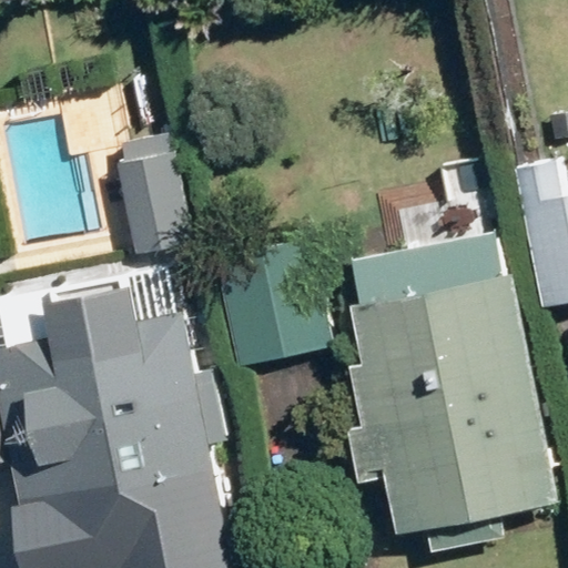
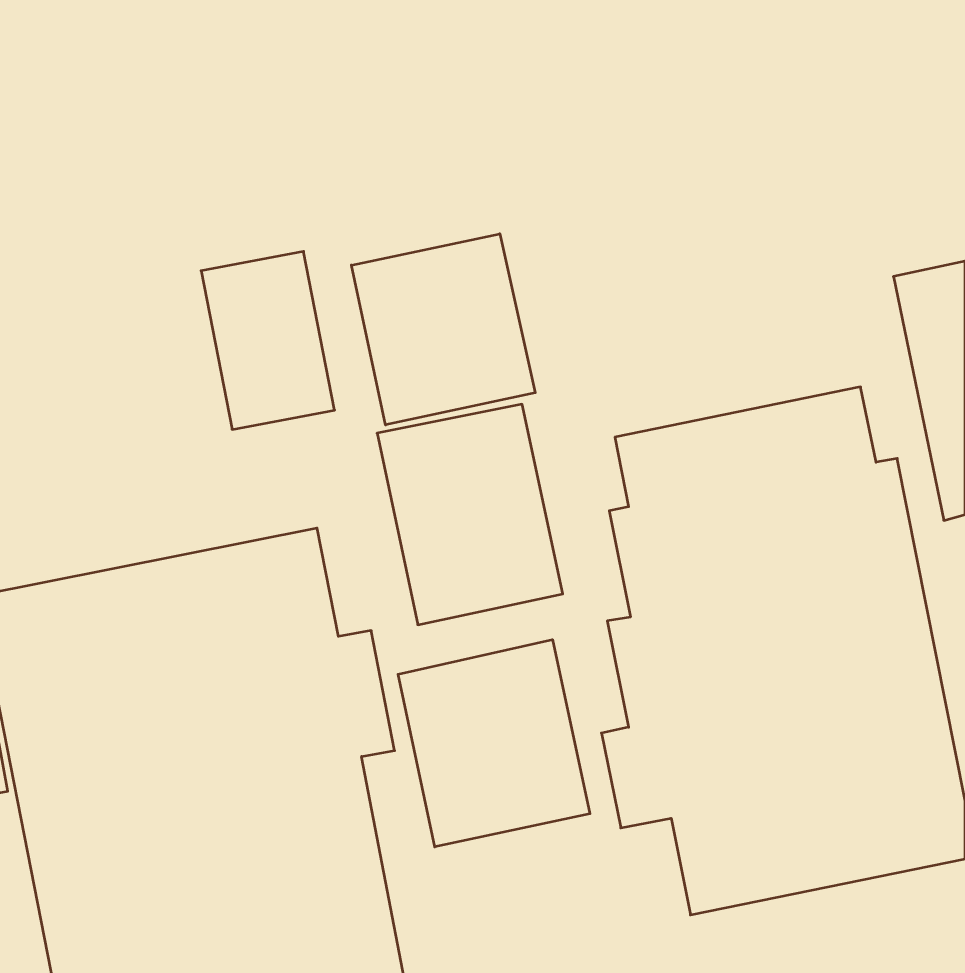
building: none -> [351,234,535,425]
building: none -> [398,640,590,847]

